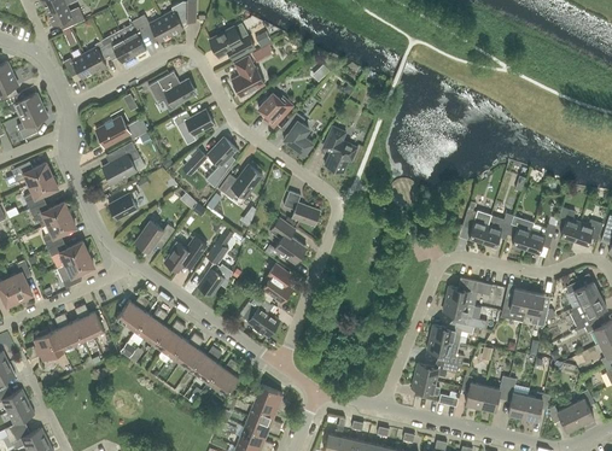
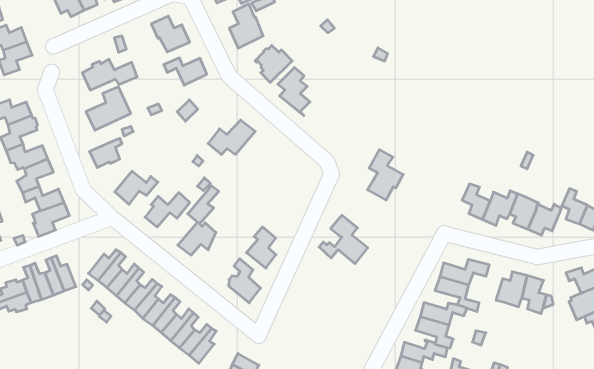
building: [325,127,357,174] -> [368,150,403,200]
building: [206,139,240,187] -> none
building: [284,192,320,227] -> none
building: [261,218,307,263] -> [319,215,368,264]

